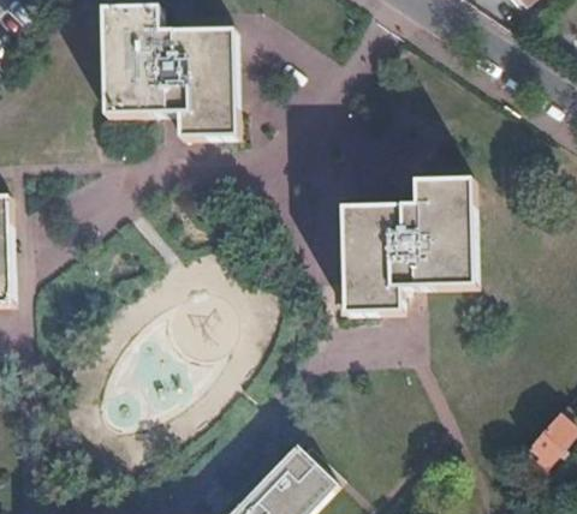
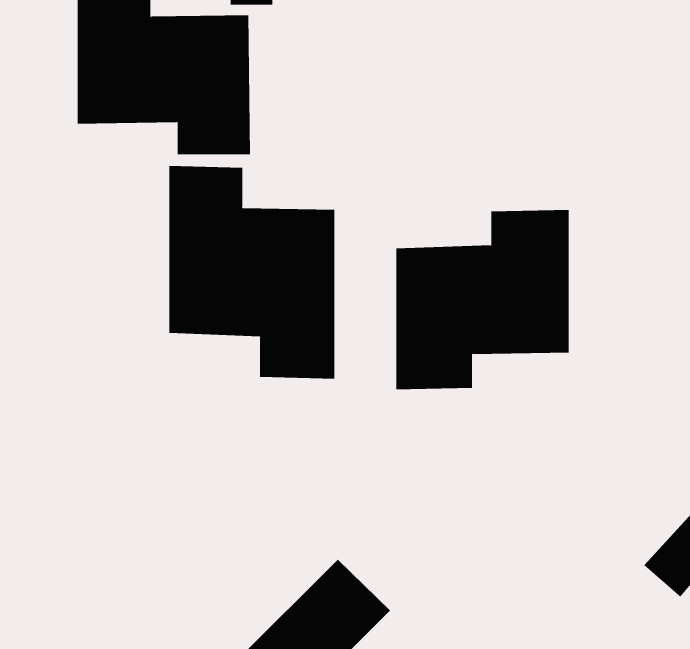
building: none -> [169,165,335,379]

